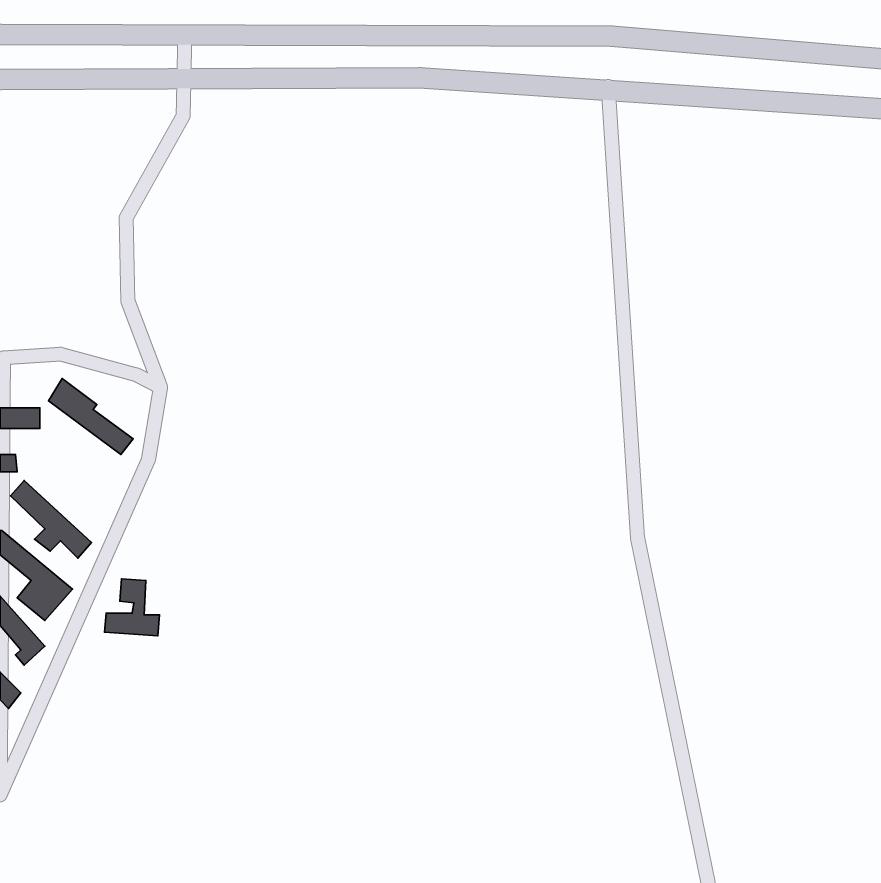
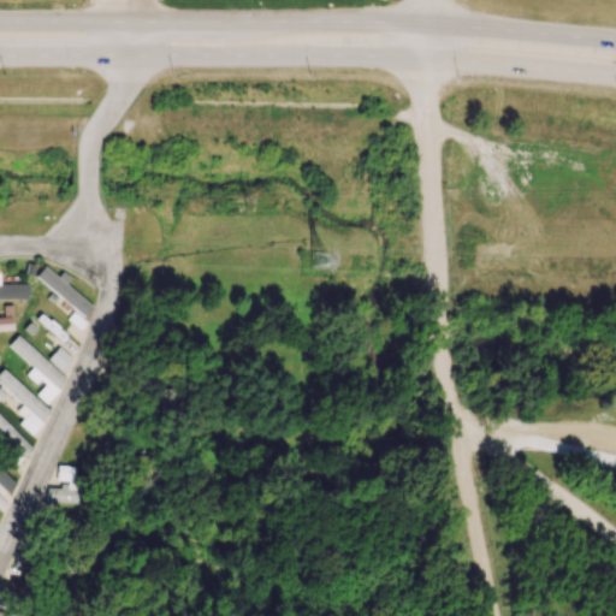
building: [104,579,160,636] -> [46,464,84,504]

